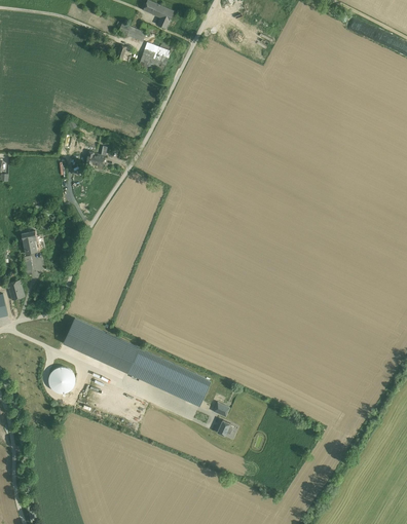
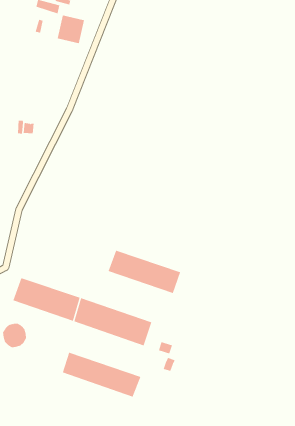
building: none -> [108,250,181,294]
building: none -> [62,352,141,398]

